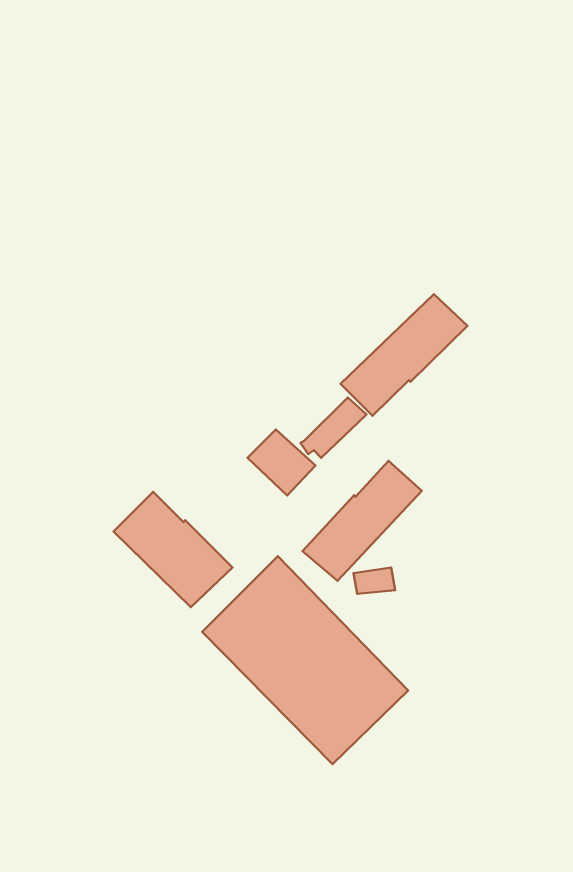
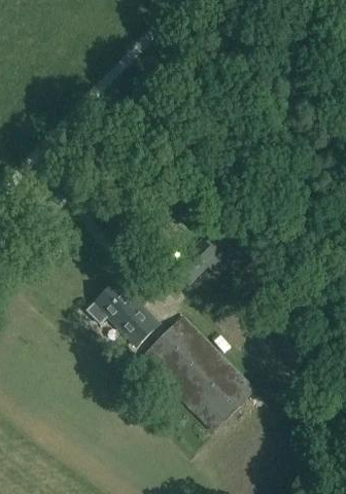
building: [340,294,468,416] -> none
building: [303,461,422,581] -> none

